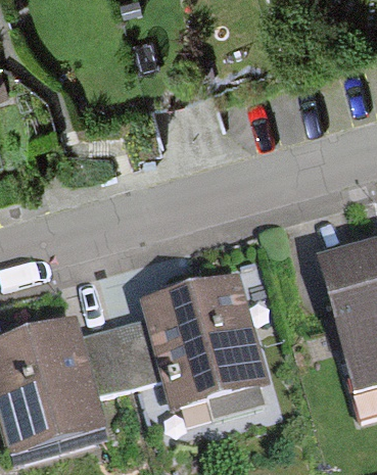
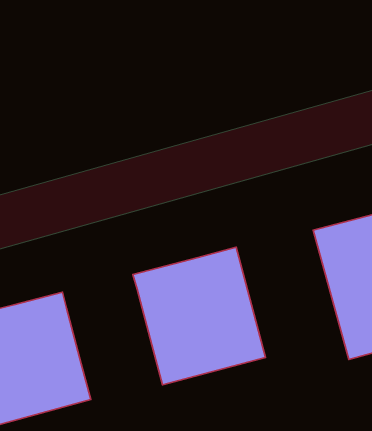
building: [79,319,161,391] -> none

